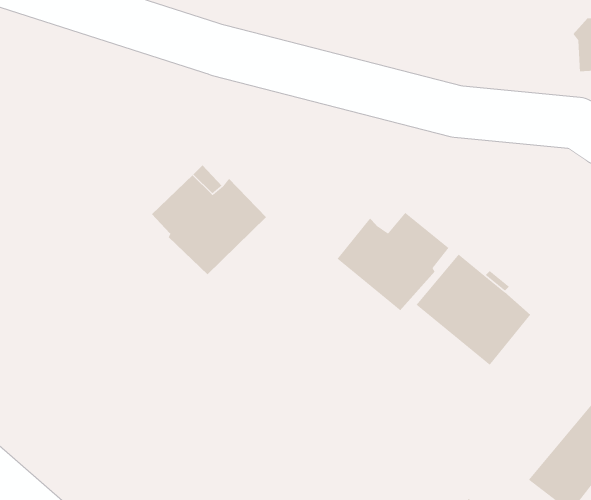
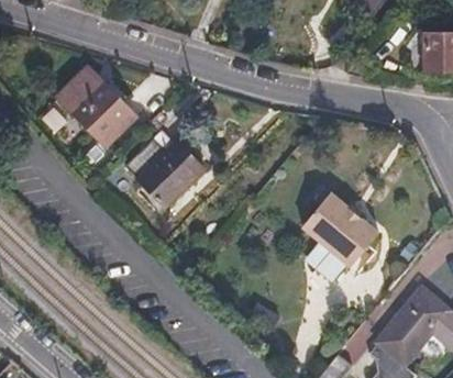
building: none -> [56,67,135,145]
building: [336,212,449,311] -> none

